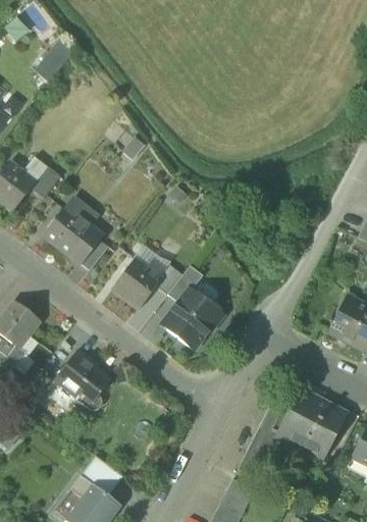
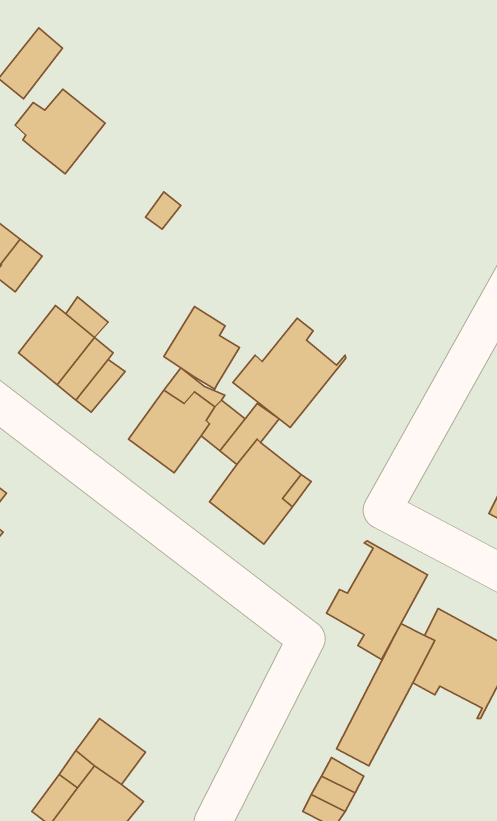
building: none -> [15,89,105,174]
building: none -> [164,307,239,389]
building: none -> [233,318,346,427]
building: none -> [327,541,427,659]
building: [53,350,109,412] -> none

